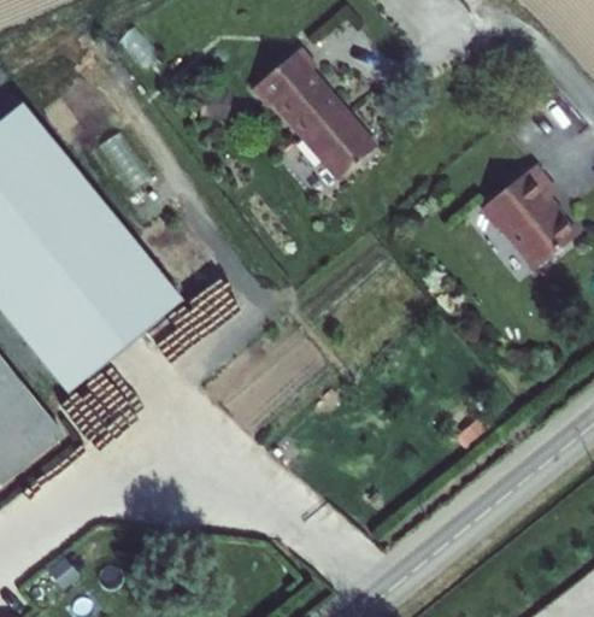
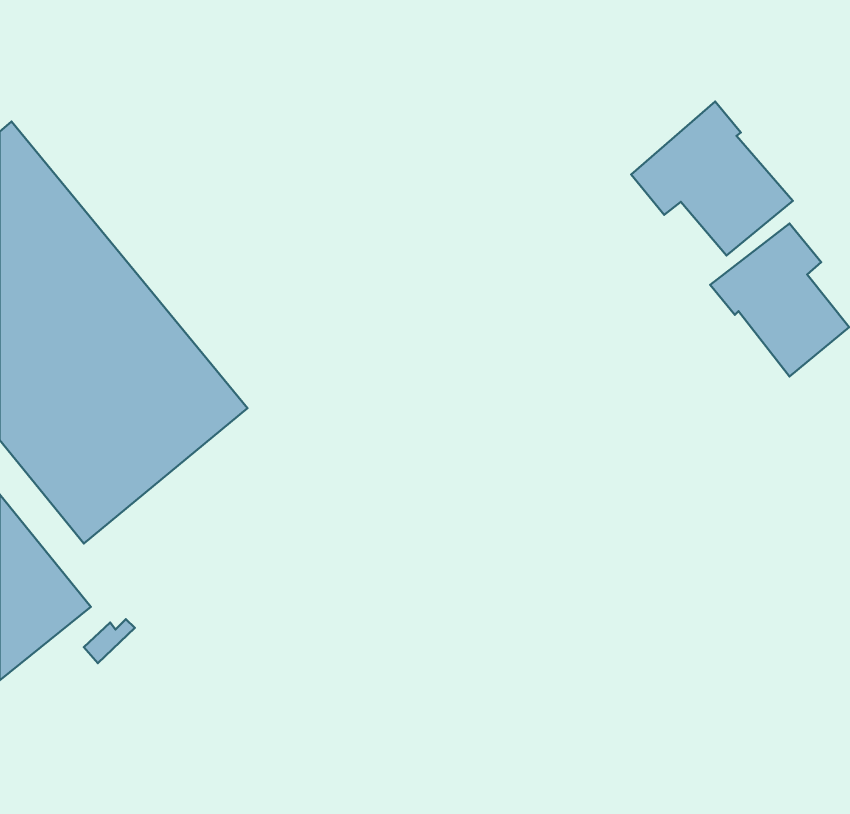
building: [254,51,375,182] -> none
building: none -> [631,101,793,256]

